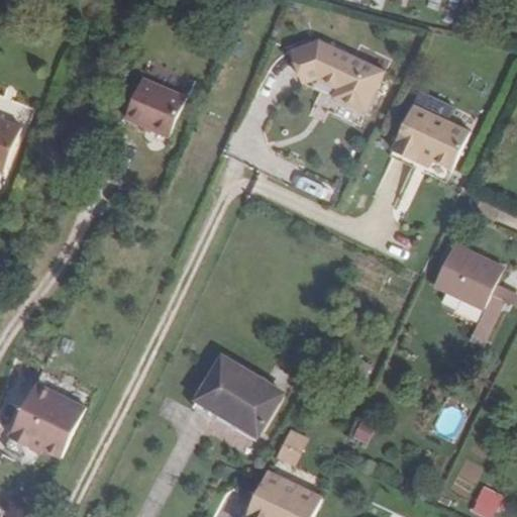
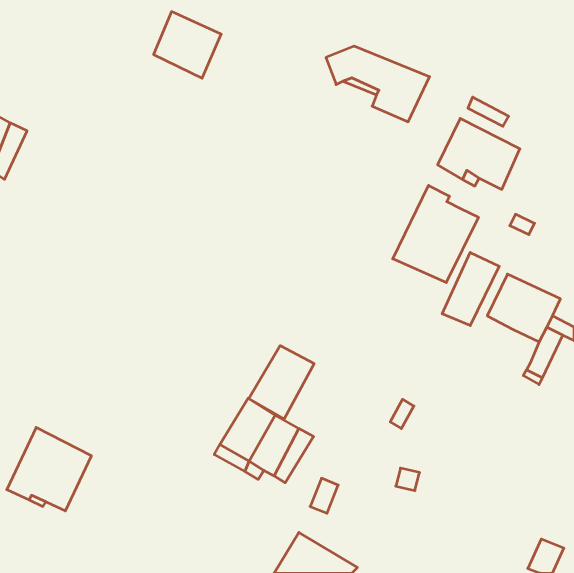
building: [122,74,183,133] -> [154,12,221,78]
building: none -> [393,185,478,283]
building: none -> [442,252,499,326]
building: none -> [249,346,314,419]

